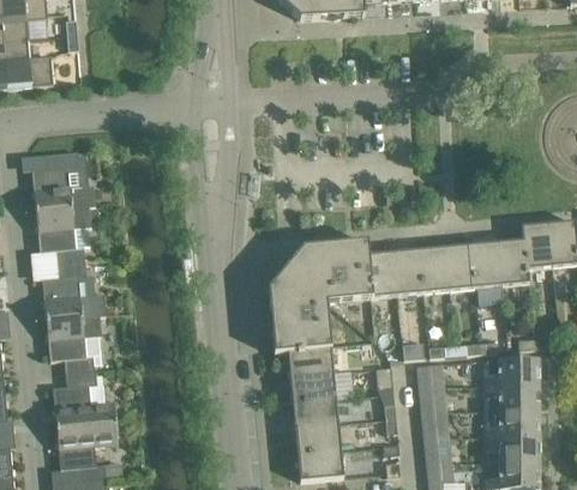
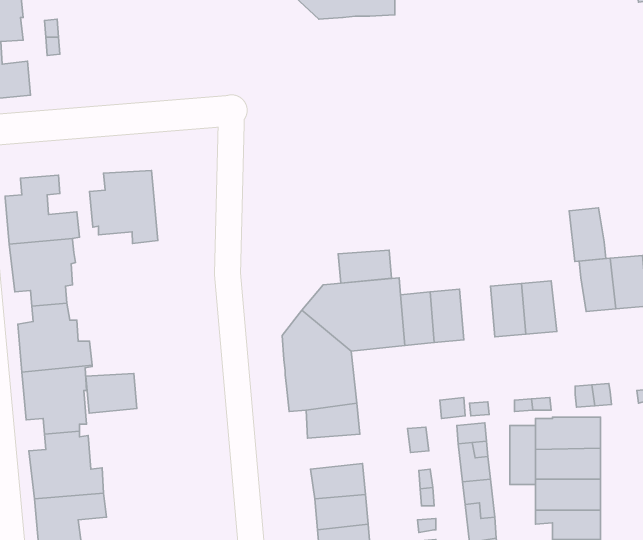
building: none -> [90,171,158,243]
building: none -> [338,250,392,283]
building: [497,238,528,284] -> [569,208,606,261]
building: [419,246,449,291] -> none
building: none -> [86,373,137,413]
building: none -> [510,426,536,484]
building: [289,371,336,401] -> none

